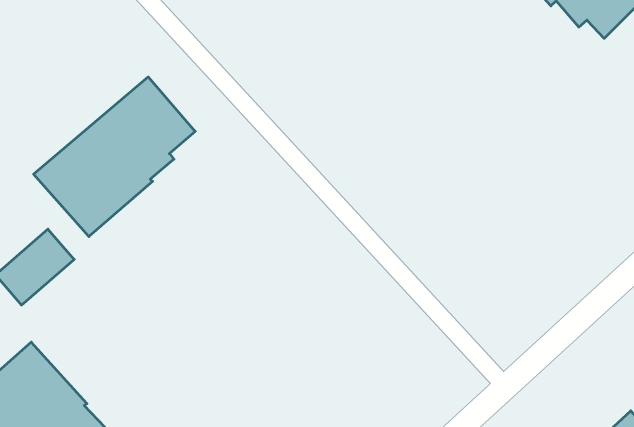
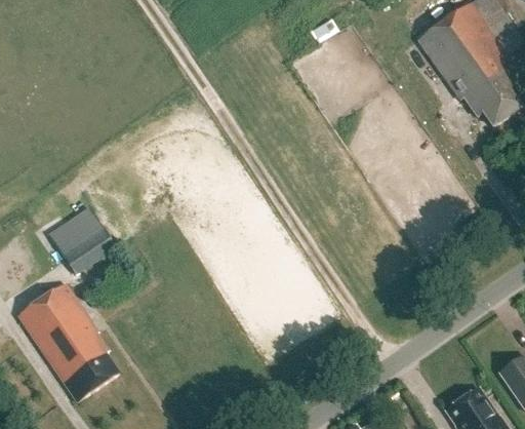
building: [34,77,195,237] -> none
building: none -> [62,229,115,273]

